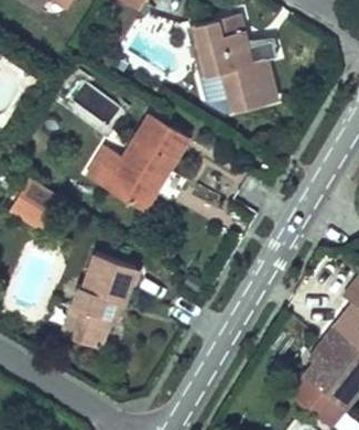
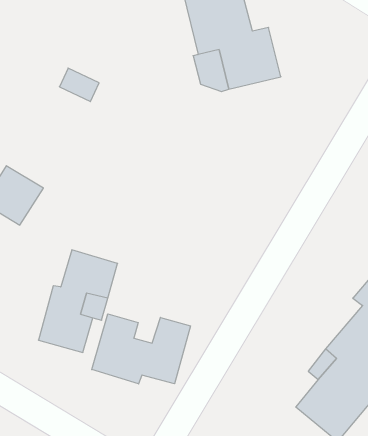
building: [87,117,186,209] -> none
building: none -> [92,314,190,384]

